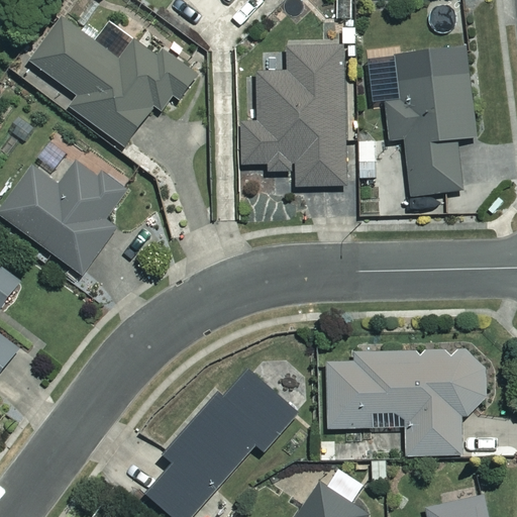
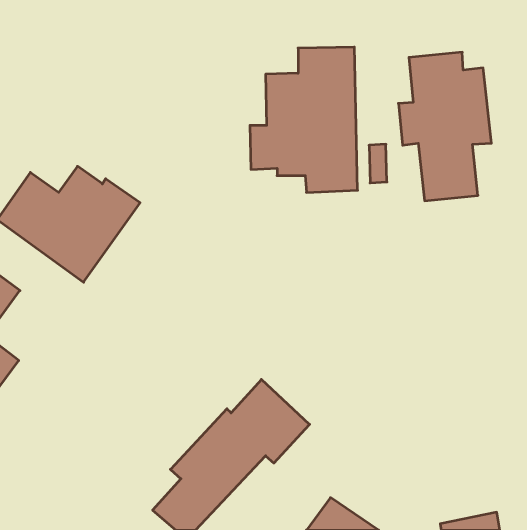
building: [29,17,197,145] -> none
building: [327,350,483,454] -> none

